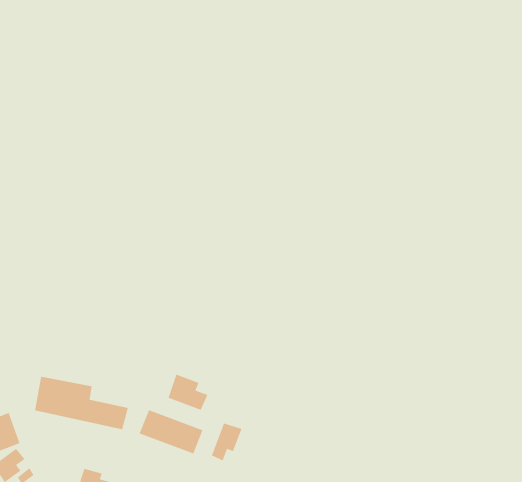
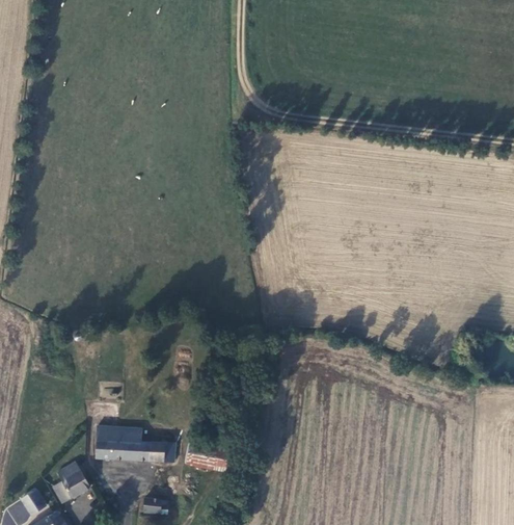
building: [168,374,208,411] -> none
building: [211,423,242,462] -> none

